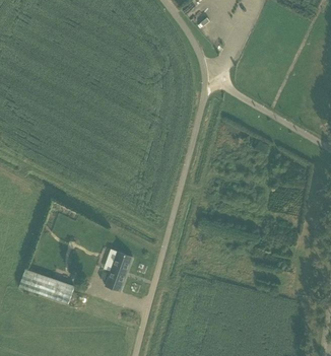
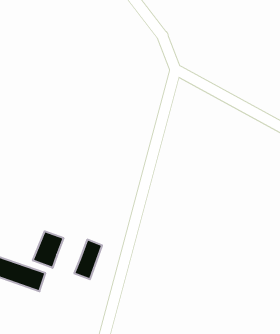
building: none -> [33,231,63,268]

